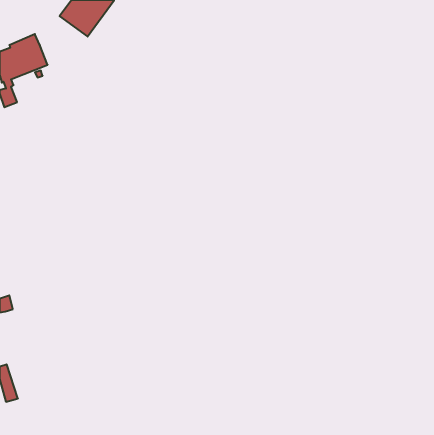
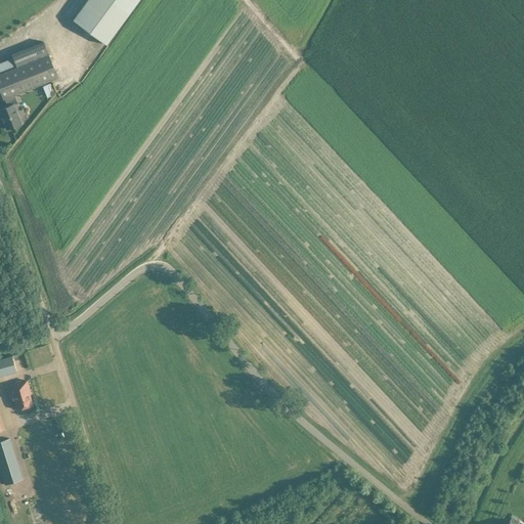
building: none -> [7,381,32,409]

